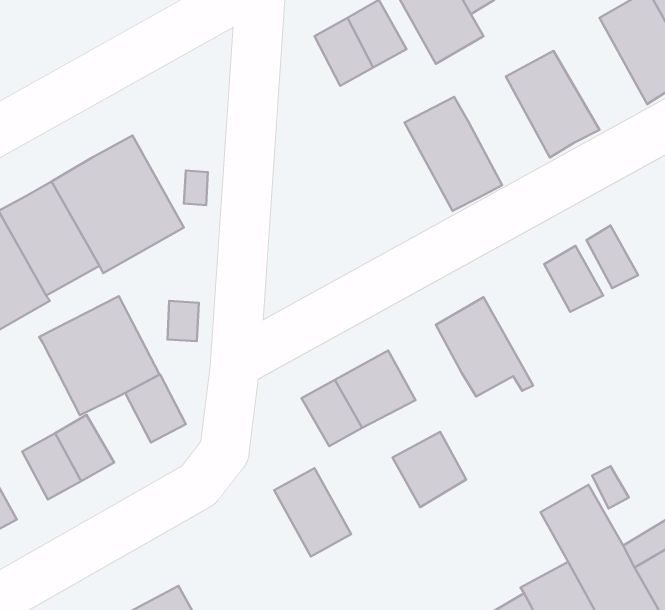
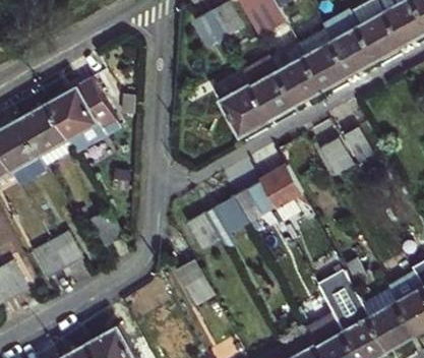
building: none -> [325,11,378,73]
building: none -> [280,55,324,104]
building: none -> [213,69,270,135]
building: [39,296,159,415] -> none
building: [393,432,466,507] -> [235,181,276,223]

